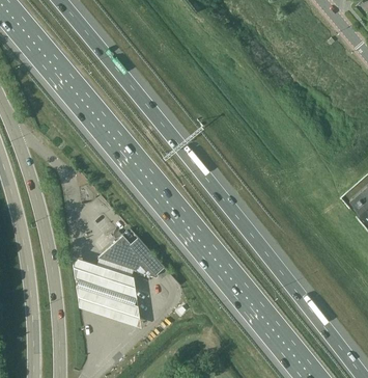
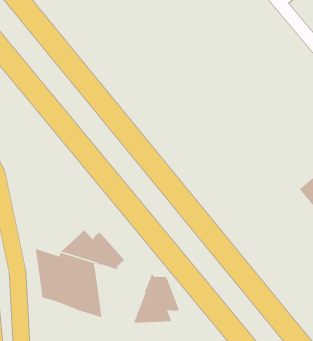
building: none -> [133,274,180,324]

